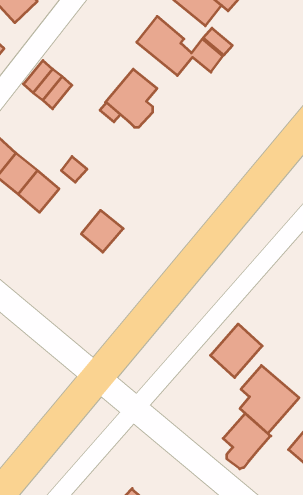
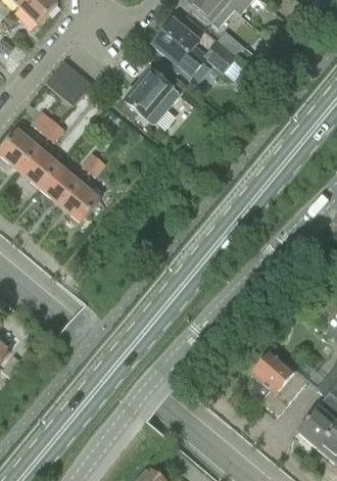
building: none -> [30,110,64,143]
building: [81,210,123,252] -> [60,183,100,223]
building: [210,324,262,378] -> none
building: [223,414,271,469] -> none

